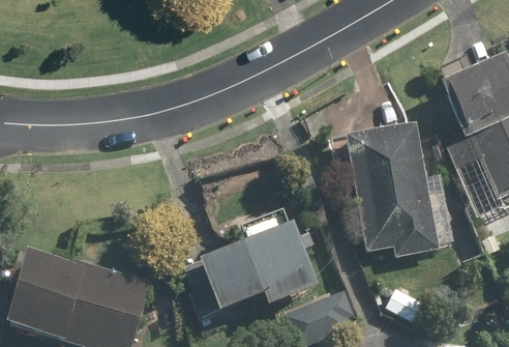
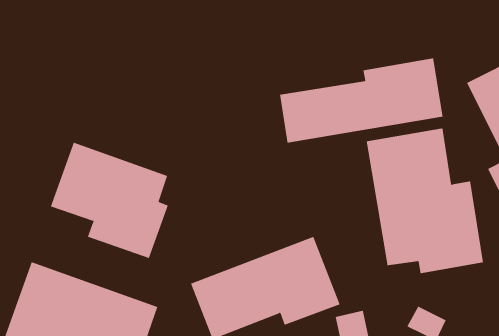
building: none -> [280,58,443,143]
building: none -> [50,142,168,259]

